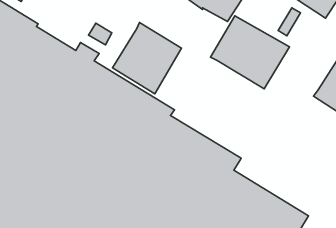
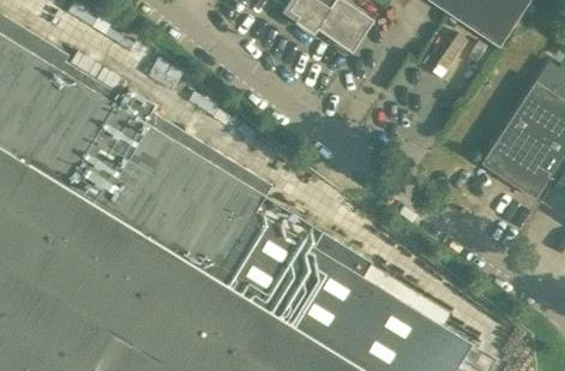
building: [210,16,290,89] -> none
building: [112,23,182,94] -> none

